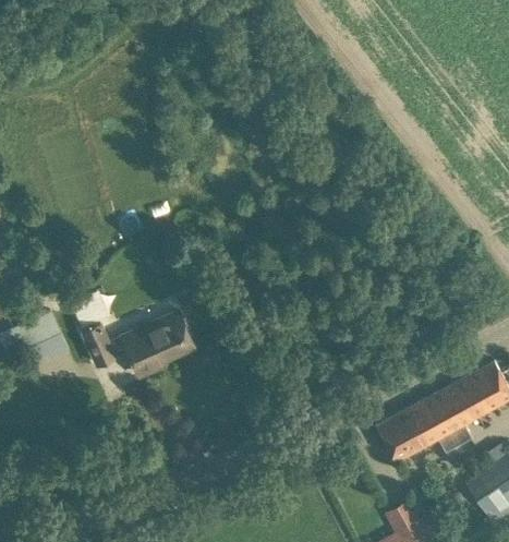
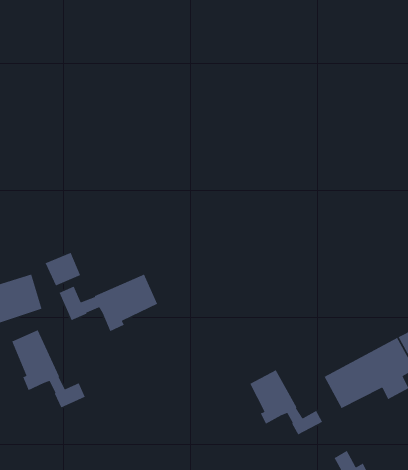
building: none -> [11,329,86,408]
building: none -> [249,369,323,436]

